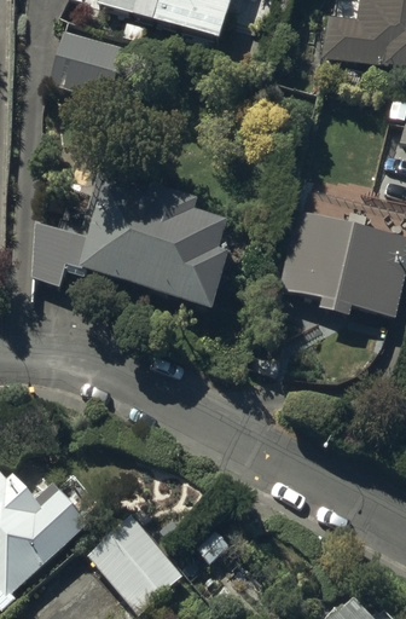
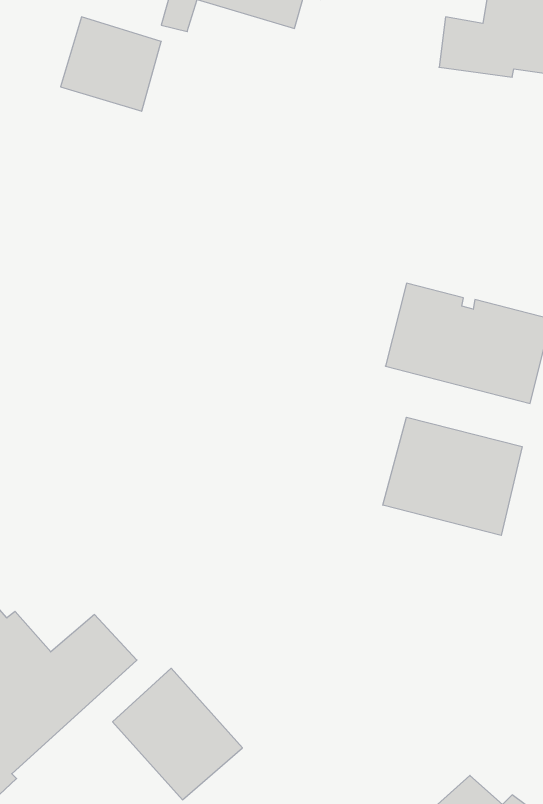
building: [30,164,233,311] -> none
building: none -> [383,417,522,535]

